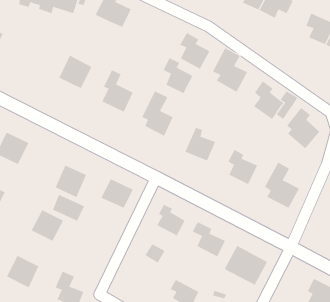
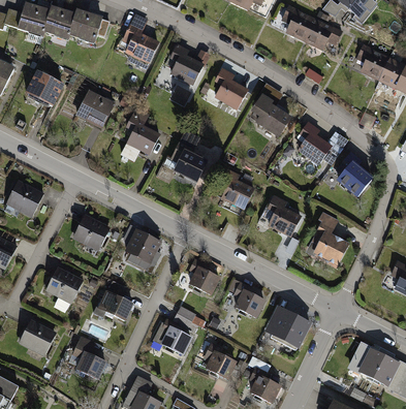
building: none -> [26,73,64,111]
building: [163,57,193,94] -> [168,41,202,83]
building: [52,194,85,222] -> [97,290,134,321]
building: none -> [157,321,193,356]

